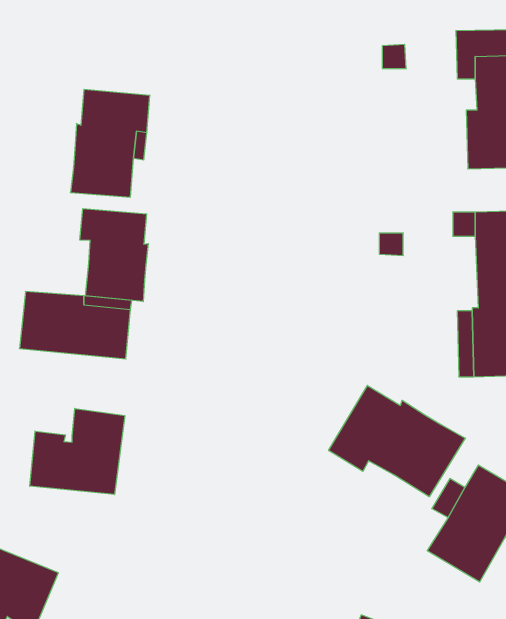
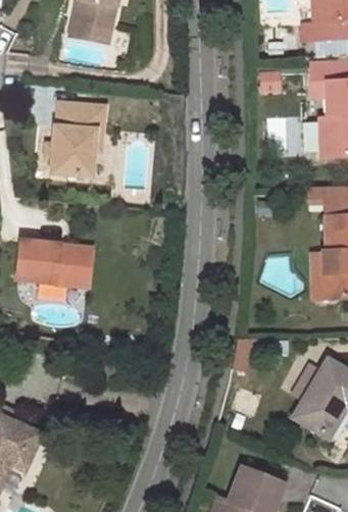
building: [80,209,148,302] -> none
building: [329,385,465,497] -> none
building: [30,408,125,495] -> none

